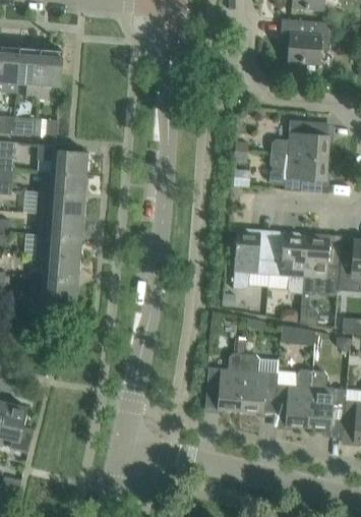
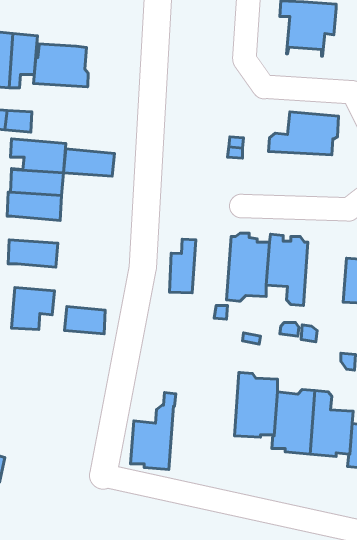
building: none -> [34,44,88,87]
building: [268,155,330,193] -> none
building: [38,213,83,237] -> [64,149,115,176]
building: [302,232,342,295] -> none
building: none -> [169,239,196,293]
building: [43,255,79,280] -> [64,307,105,334]
building: [281,326,315,344] -> none
building: [205,341,246,410] -> [131,393,176,470]

